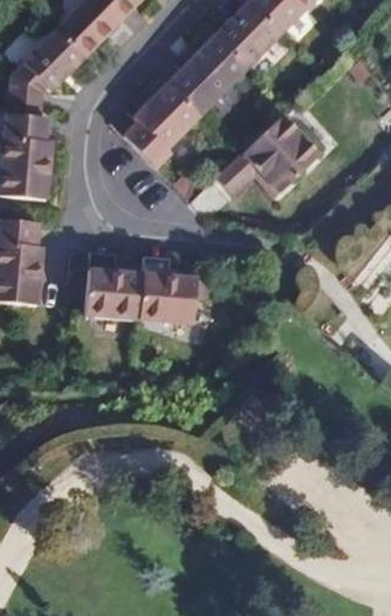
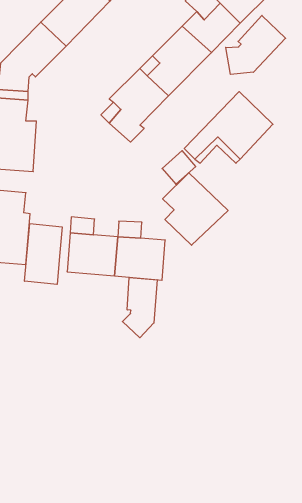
building: none -> [226,15,286,74]
building: none -> [163,173,228,245]
building: none -> [25,224,62,284]
building: none -> [122,277,157,338]

